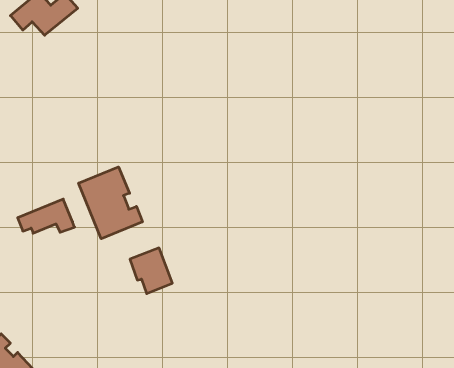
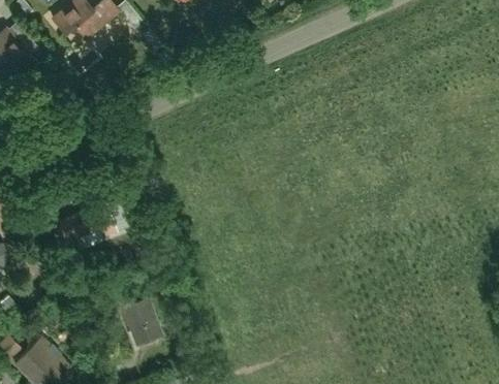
building: [79,167,142,239] -> none
building: [130,248,172,294] -> [119,298,161,344]

